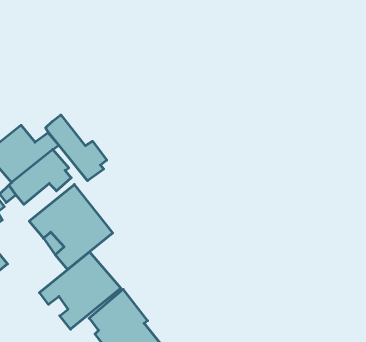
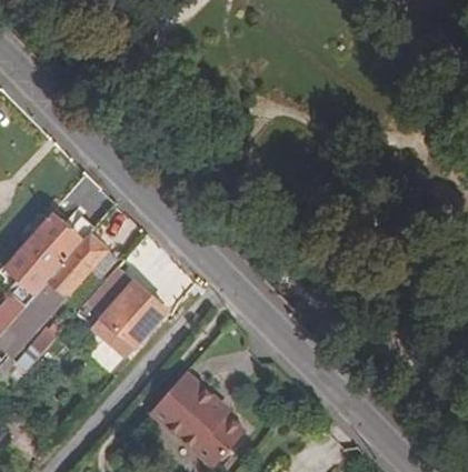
building: [46,115,107,181] -> none
building: [39,252,121,329] -> none

